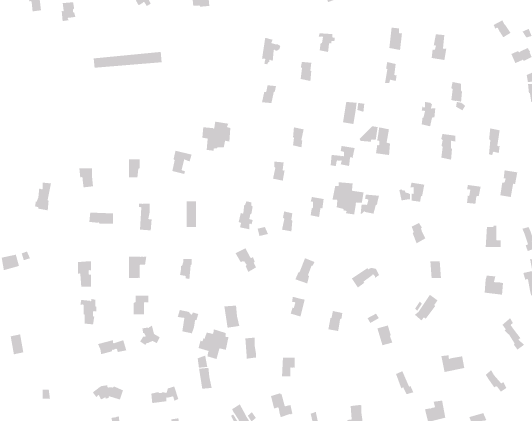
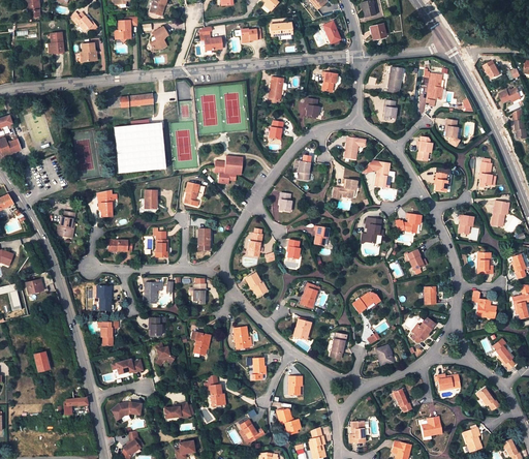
building: none -> [115,122,165,173]
building: [332,181,364,215] -> none
building: [198,329,229,360] -> none

